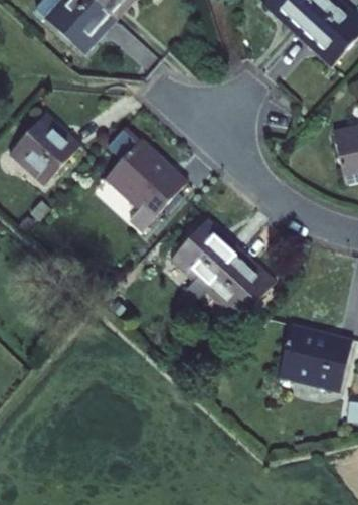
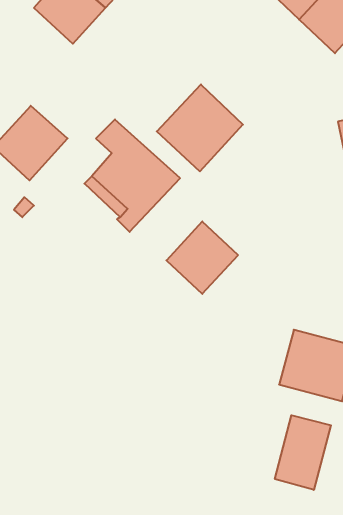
building: none -> [157,84,243,171]
building: [206,254,275,323] -> none
building: none -> [275,415,331,490]

